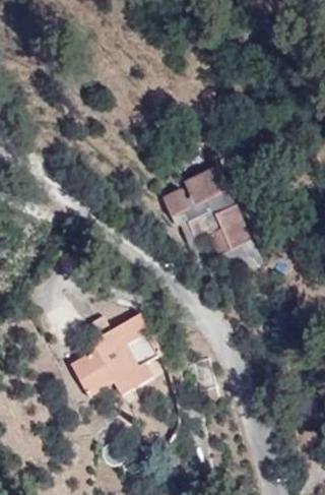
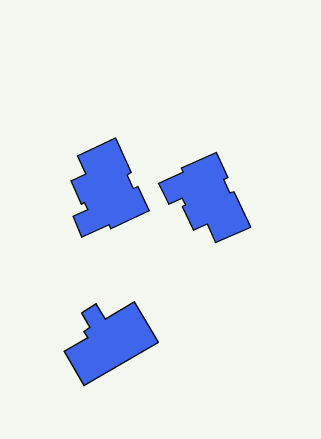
building: none -> [71,138,149,237]

